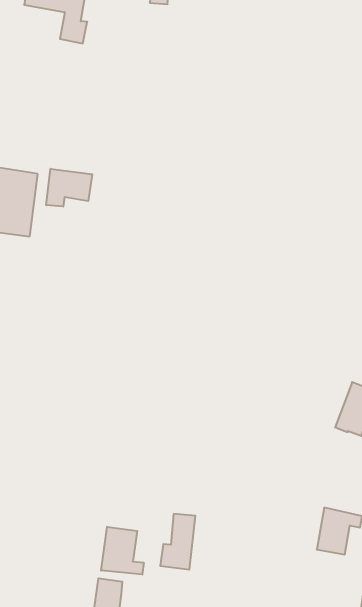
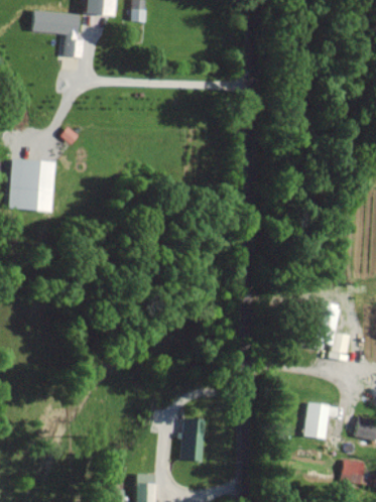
building: [46,169,92,207] -> none
building: [101,527,144,575] -> none

